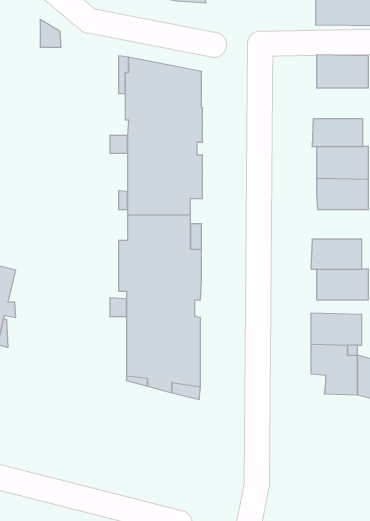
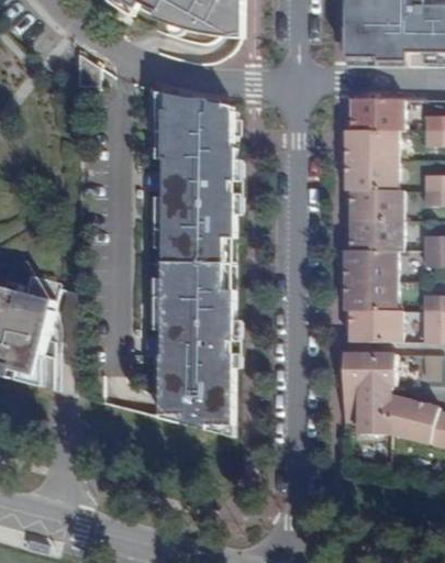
building: none -> [346,126,396,157]
building: none -> [345,247,396,277]

